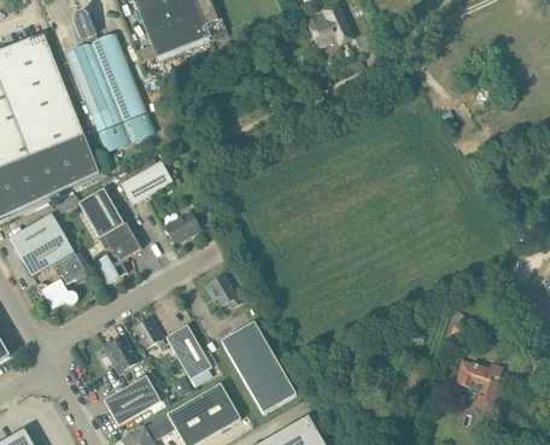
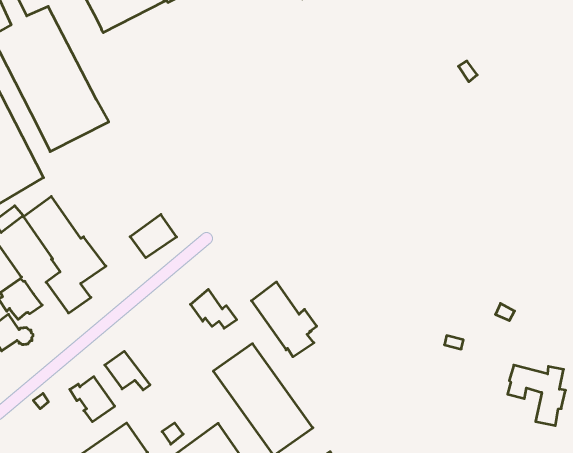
building: [121,159,172,204] -> none
building: [165,323,216,385] -> [251,282,317,357]

